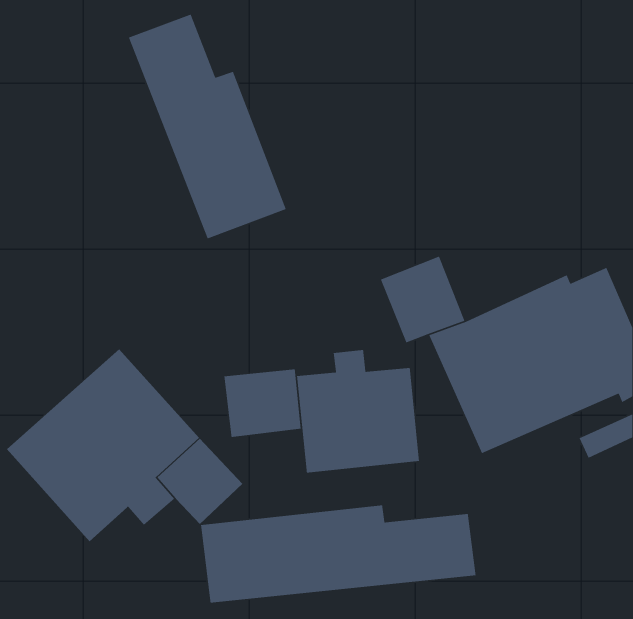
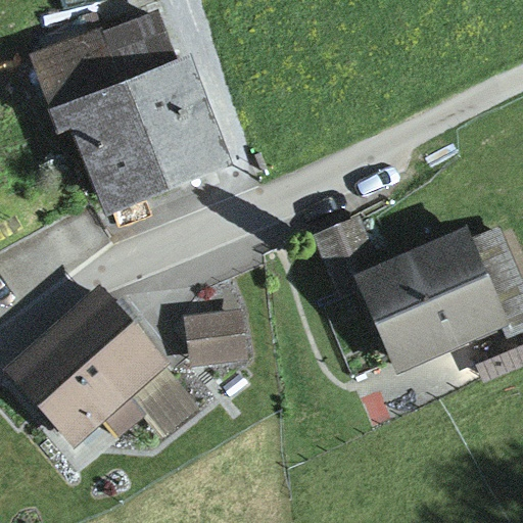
building: none -> [27,22,171,223]
building: [296,349,420,473] -> none
building: [200,505,477,604] -> none

